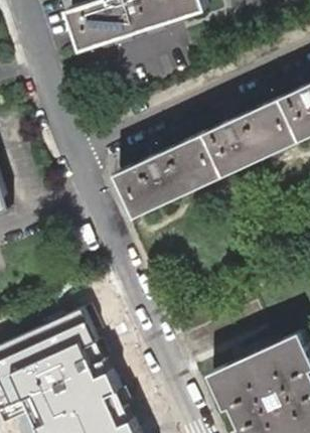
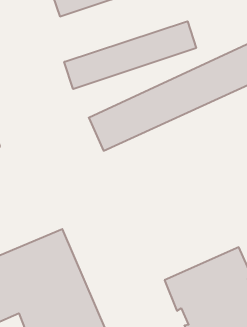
building: none -> [64,21,196,89]

